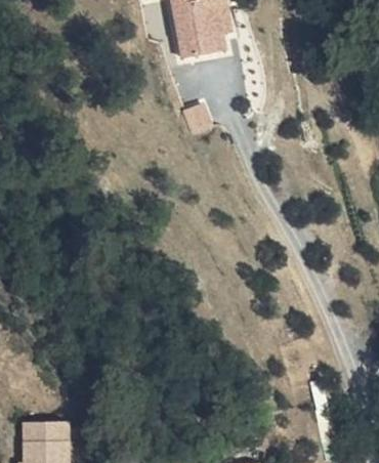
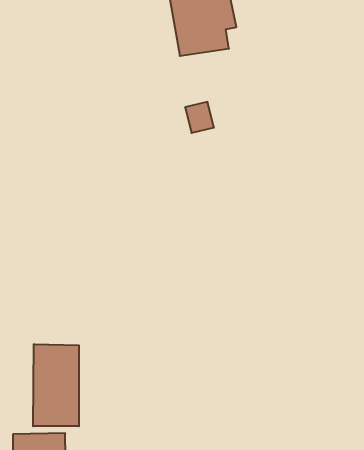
building: none -> [33,344,79,426]

